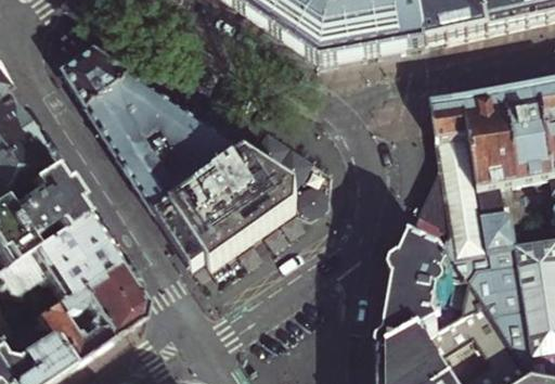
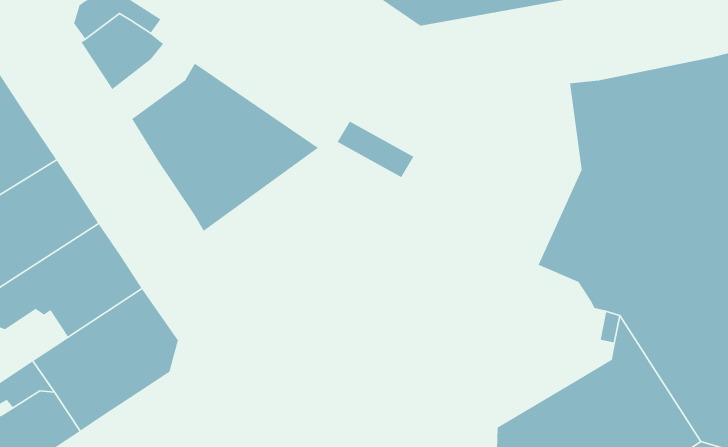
building: [92,74,154,130] -> none
building: [160,152,301,278] -> none
building: [380,240,451,361] -> none

